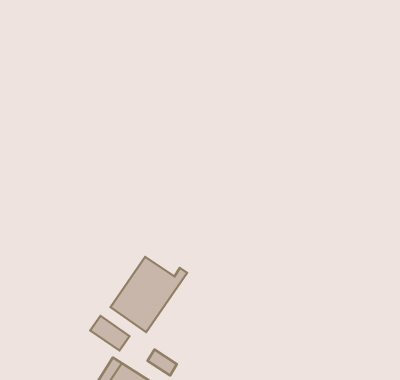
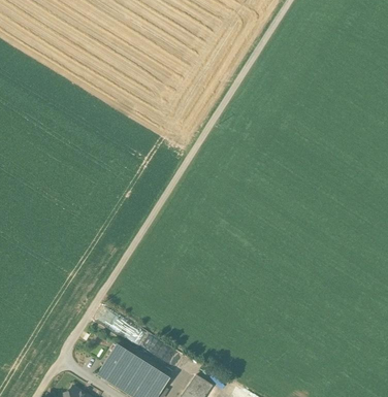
building: [110,257,187,332] -> none

